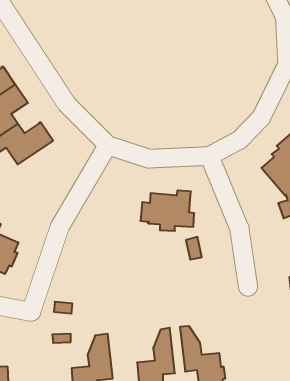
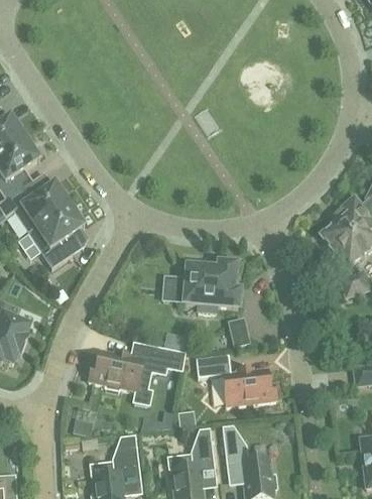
building: none -> [27,204,84,268]
building: none -> [148,345,185,366]
building: none -> [88,350,152,405]
building: none -> [196,354,275,405]

